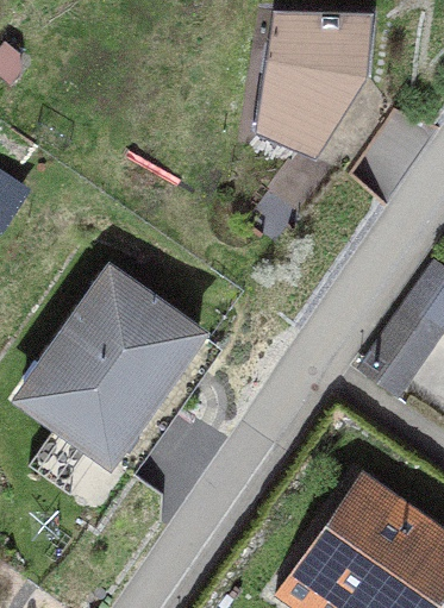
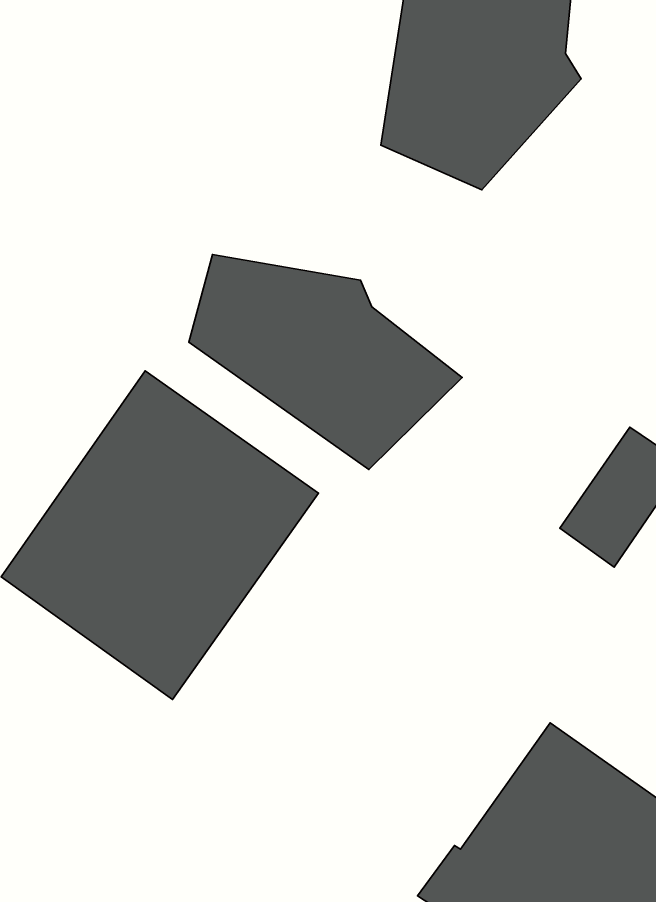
building: none -> [189,255,462,469]

